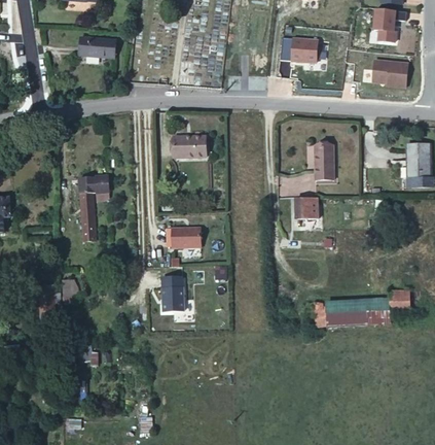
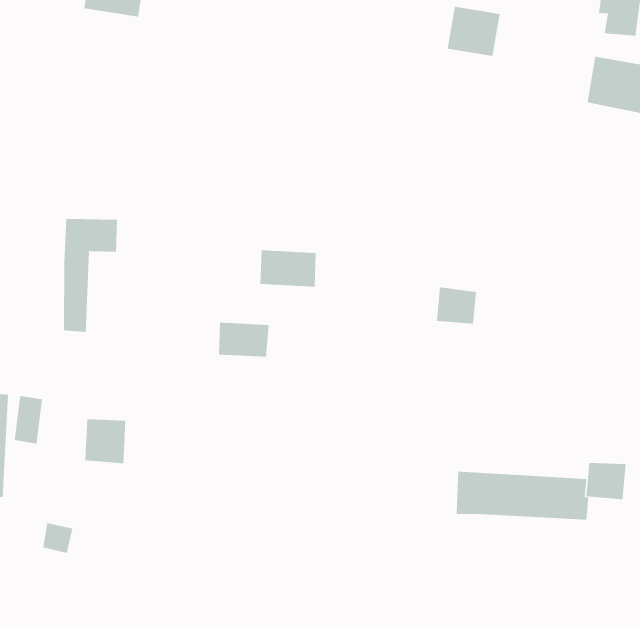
building: [172,135,205,156] -> [260,250,317,287]
building: [315,144,333,178] -> none
building: [158,285,182,310] -> [85,419,126,464]

